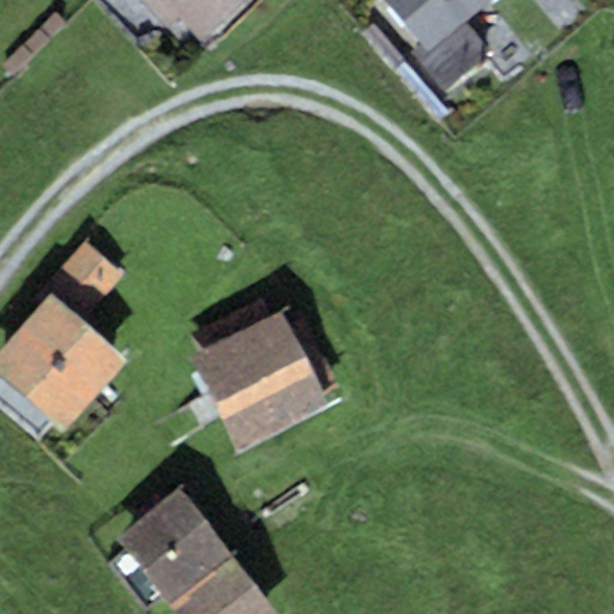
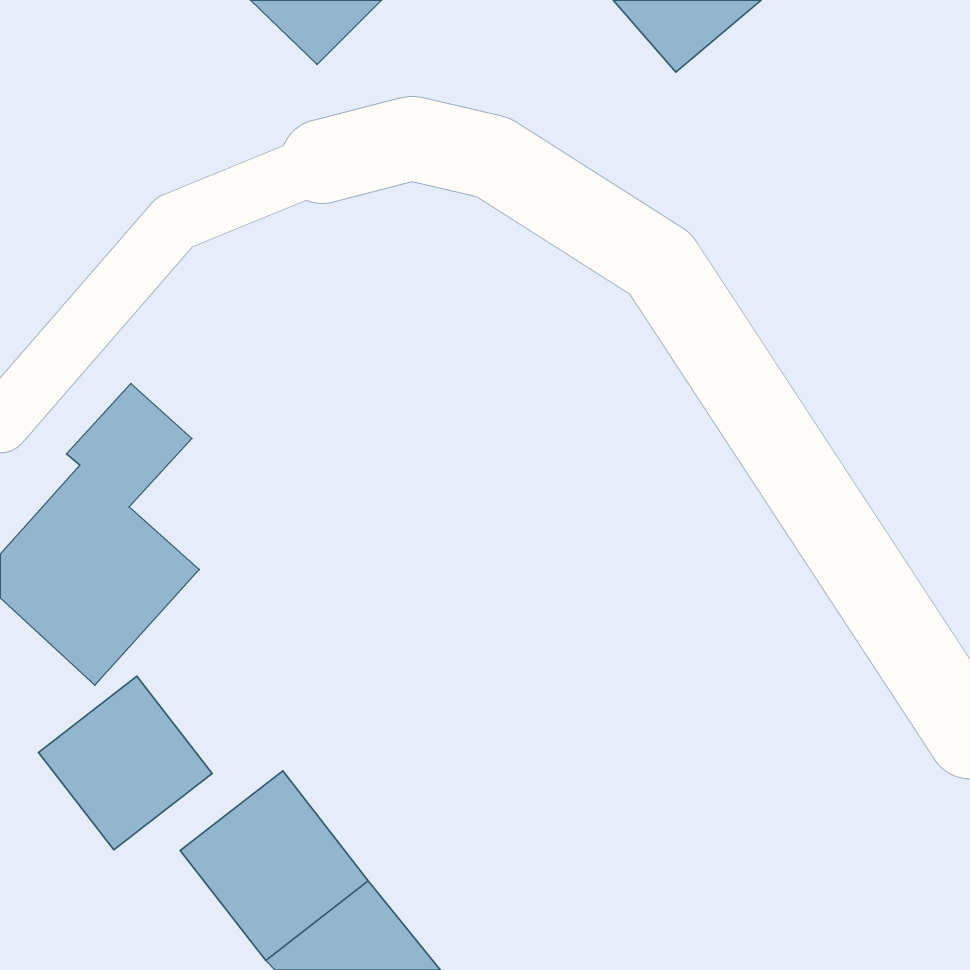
building: [186,297,336,450] -> none
building: none -> [38,676,212,850]

